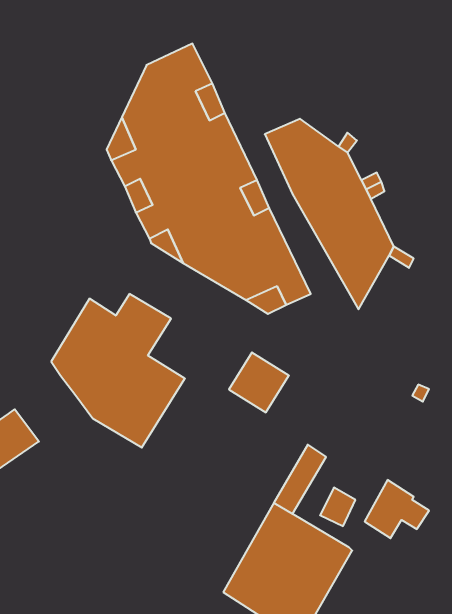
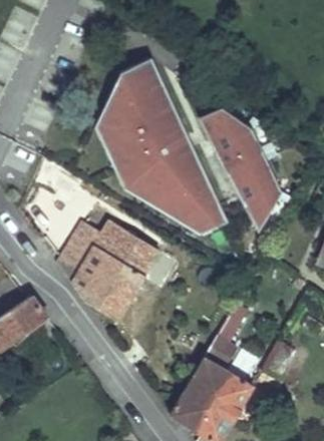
building: [229,352,289,412] -> [120,236,159,275]

